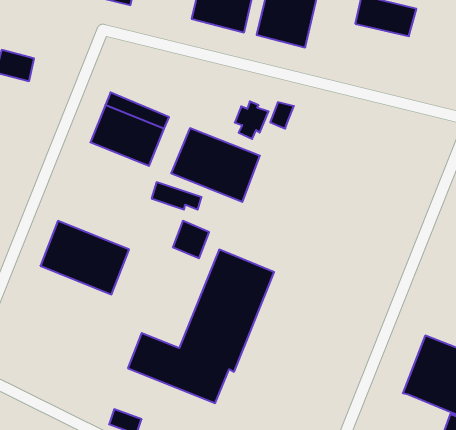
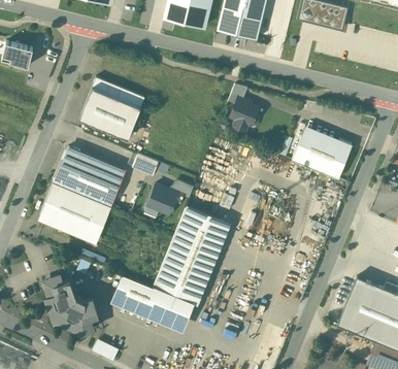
building: [235,101,269,139] -> [230,101,258,132]
building: [171,128,260,202] -> [53,146,126,207]
building: none -> [292,130,352,180]
building: none -> [43,276,98,335]

